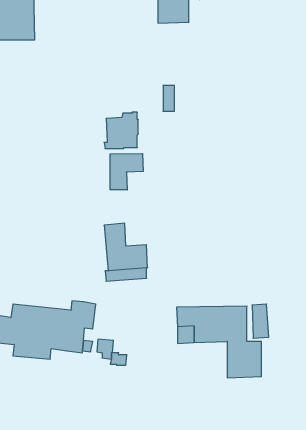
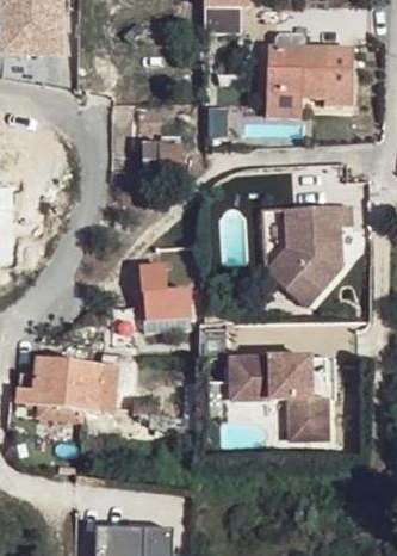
building: none -> [268,44,353,113]
building: [110,154,143,190] -> none
building: none -> [260,203,347,303]

